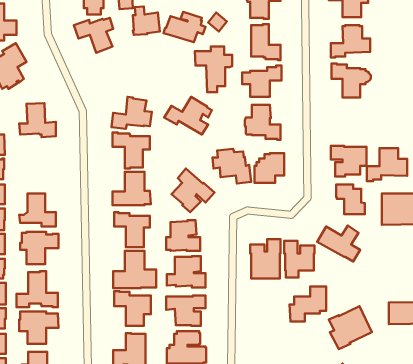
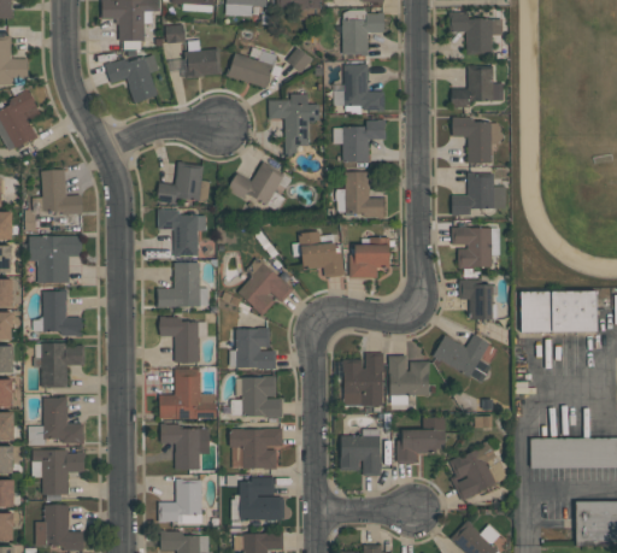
building: [367,148,407,181] -> [451,171,505,216]
building: none -> [28,235,82,282]
building: none -> [340,428,381,475]

